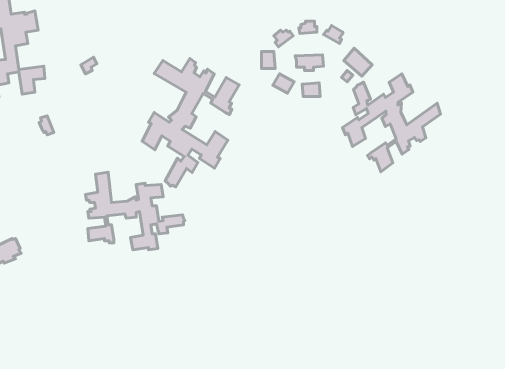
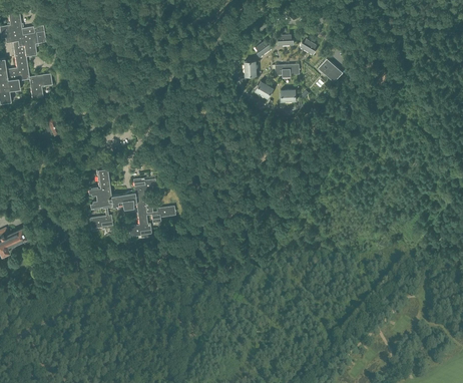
building: [142,58,239,187] -> none
building: [343,74,441,172] -> none

